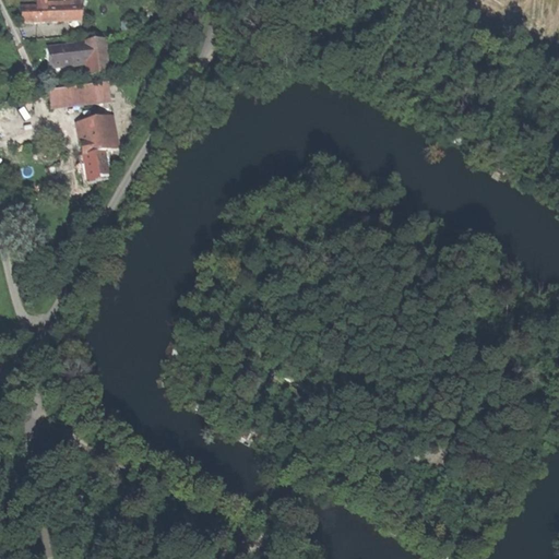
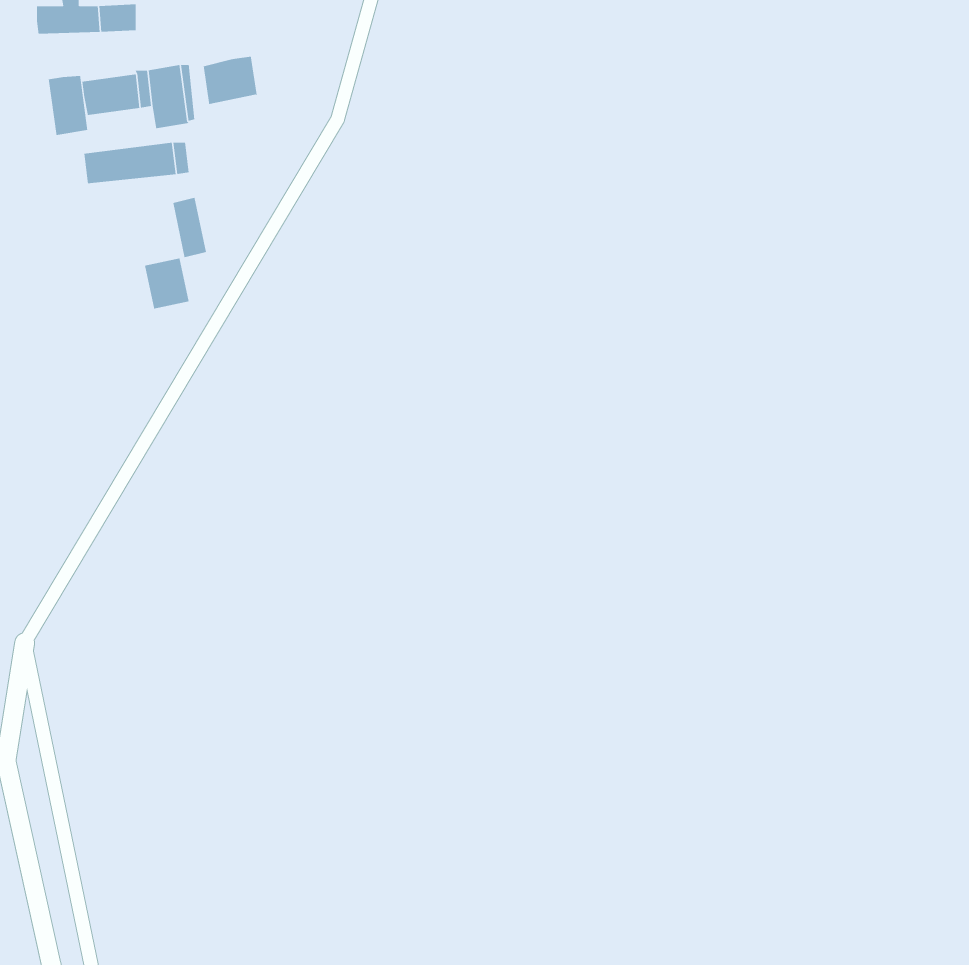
building: none -> [203,56,258,105]
building: none -> [48,75,88,136]
building: [76,117,106,153] -> none

